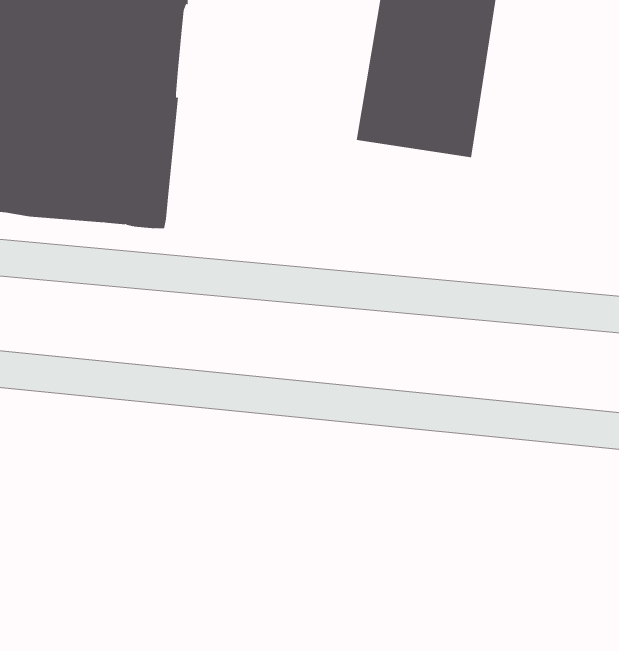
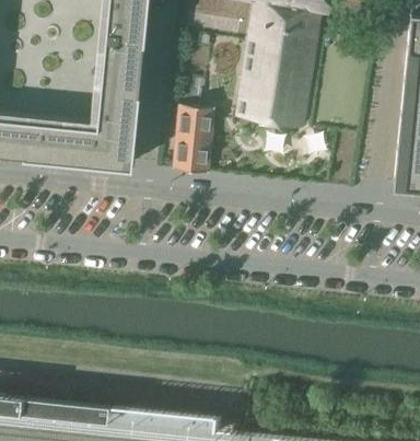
building: none -> [172,111,217,176]

